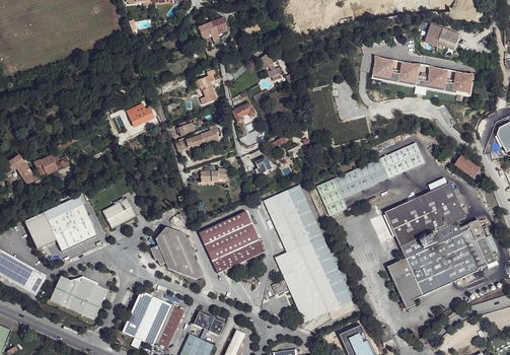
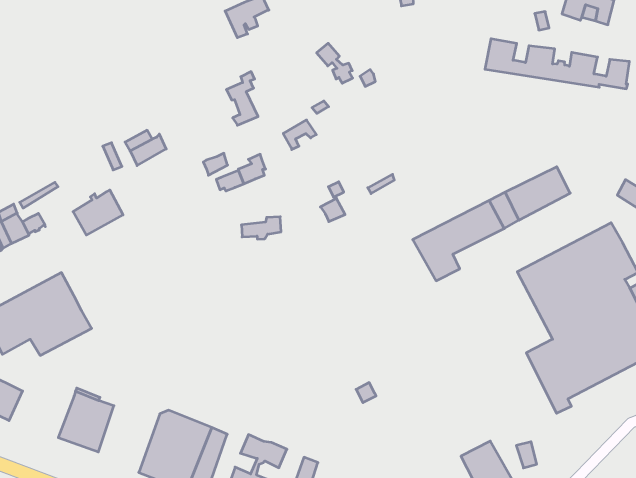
building: [264,185,351,322] -> none
building: [101,198,135,227] -> [73,190,123,235]
building: [198,210,264,273] -> none
building: [150,227,202,279] -> none
building: [52,274,82,306] -> none

